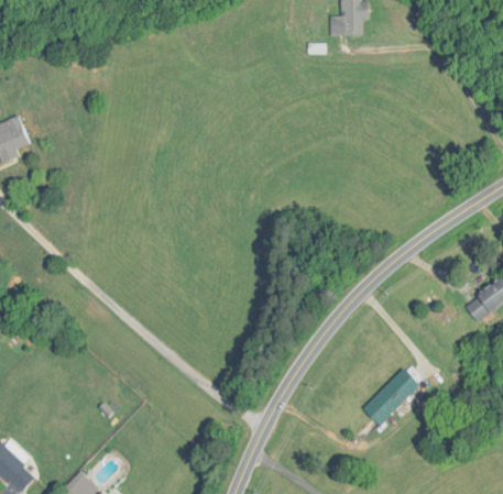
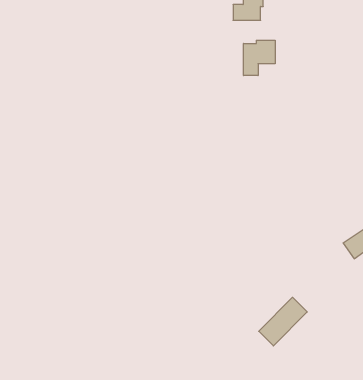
building: none -> [244,40,275,76]

